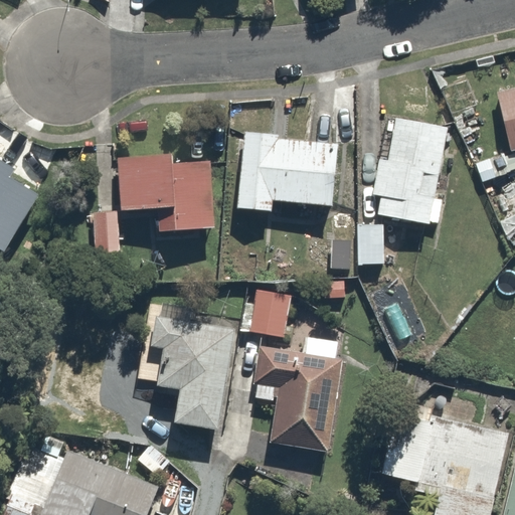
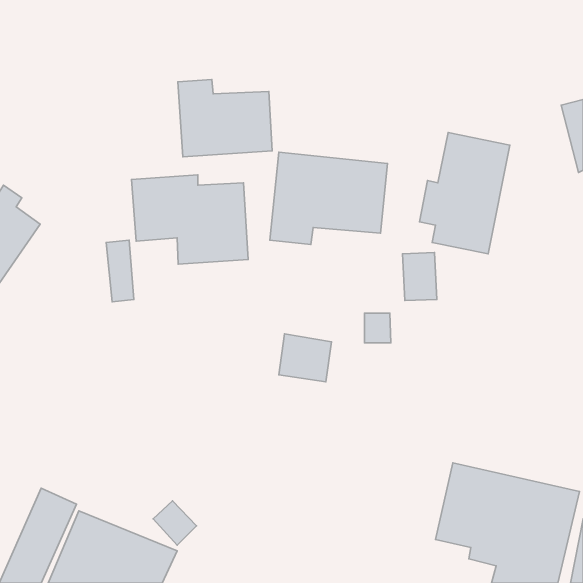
building: none -> [178,79,272,157]
building: [142,319,235,428] -> none
building: [251,341,341,452] -> none

